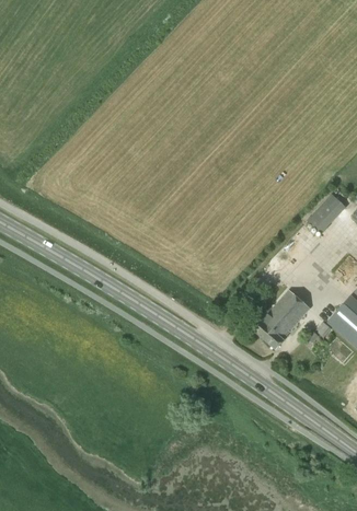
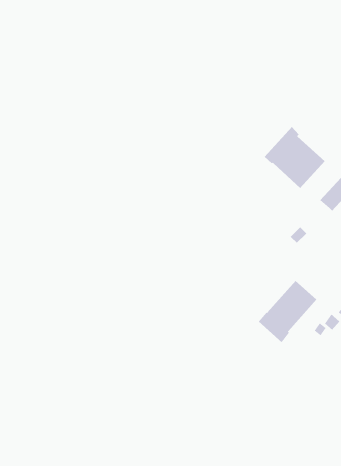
building: none -> [264,126,325,189]

